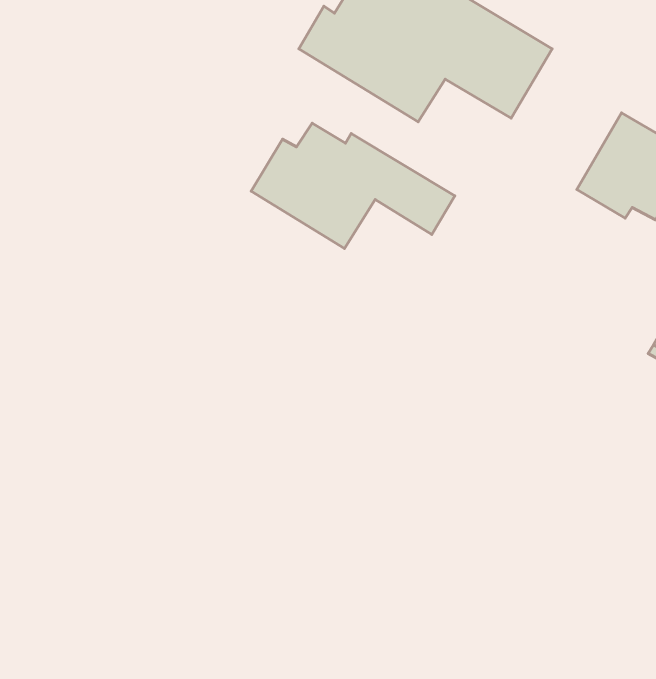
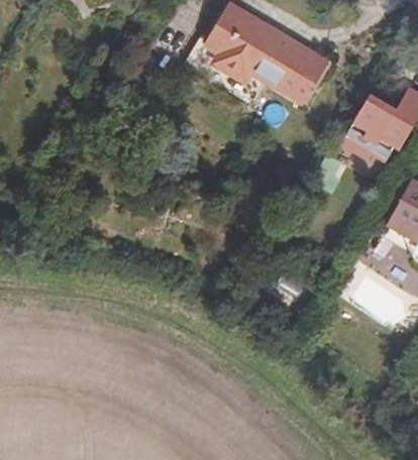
building: [251,123,455,249] -> none

